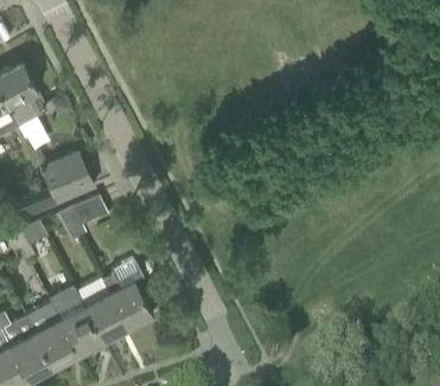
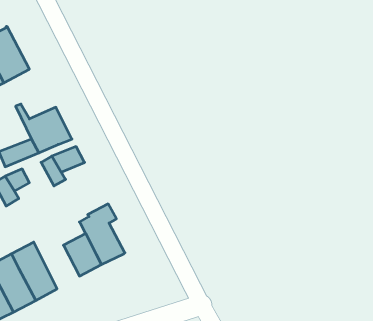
building: [50,278,103,347] -> none

